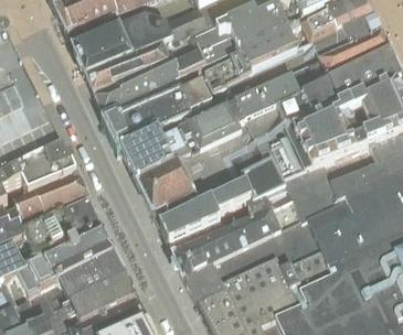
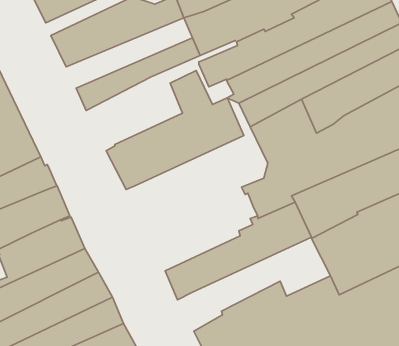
building: [86,30,198,91] -> none
building: [108,87,189,145] -> none
building: [139,100,264,244] -> none
building: [185,223,319,305] -> none

